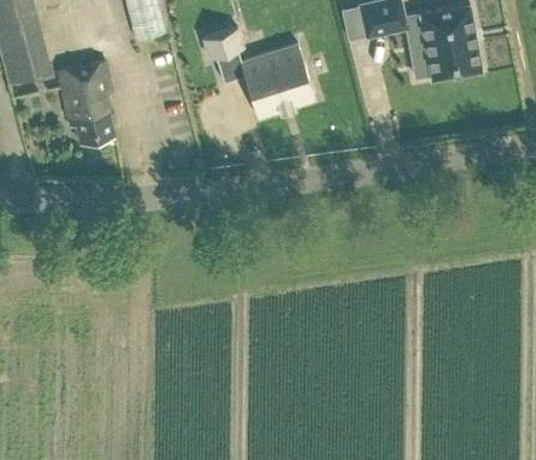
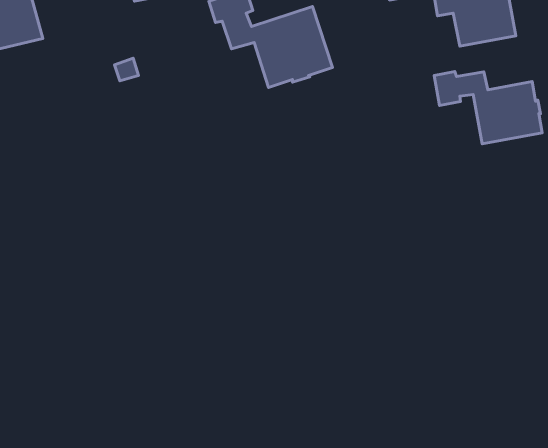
building: [58,60,113,142] -> none
building: none -> [434,72,542,144]

